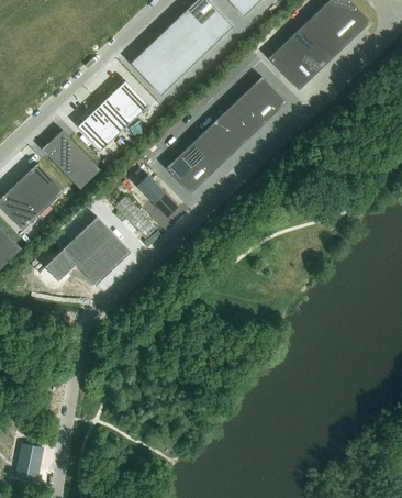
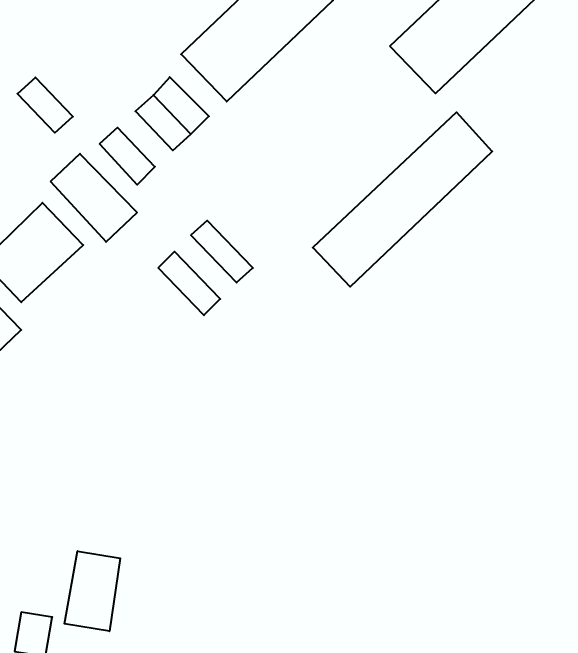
building: [165,77,286,195] -> [313,112,492,287]
building: [87,102,124,140] -> [17,77,73,133]
building: [40,213,125,281] -> none
building: none -> [64,551,120,631]

